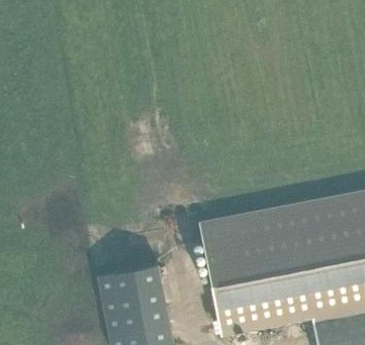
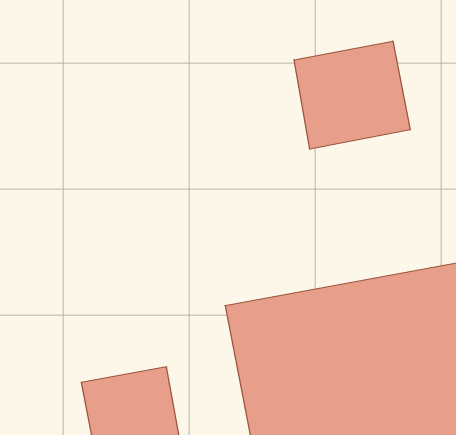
building: none -> [294,41,410,149]

